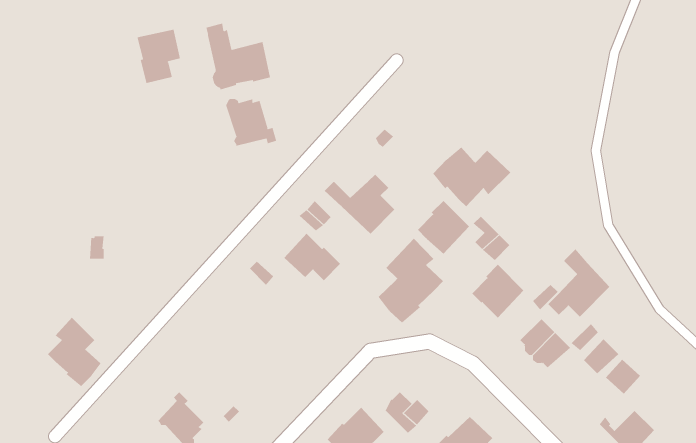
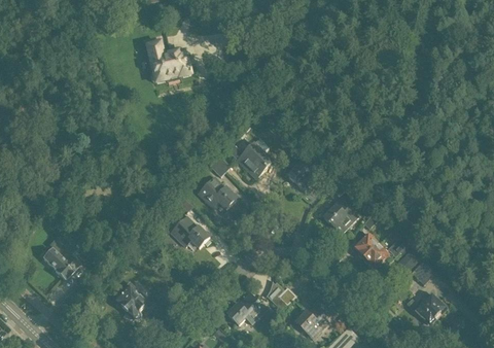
building: [137,29,180,84] -> none
building: [226,98,277,147] -> none
building: [433,147,511,207] -> none
building: [378,238,444,324] -> none
building: [547,249,610,317] -> none
building: none -> [171,216,209,248]

